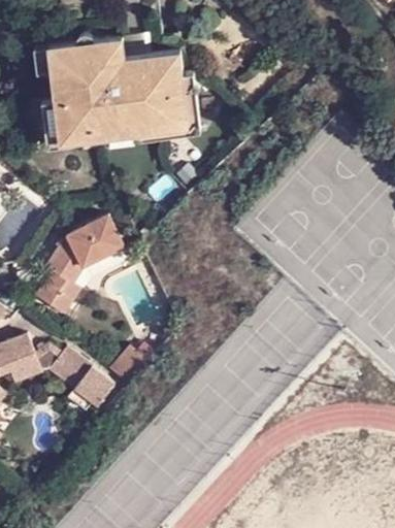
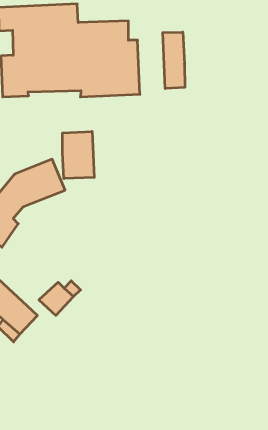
building: none -> [163,32,185,89]
building: none -> [62,131,94,179]

